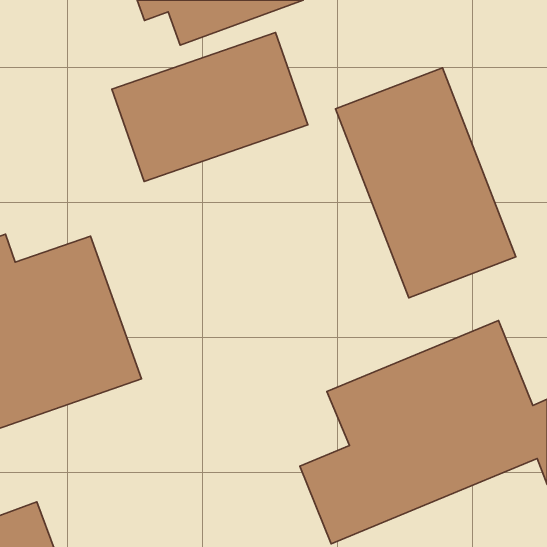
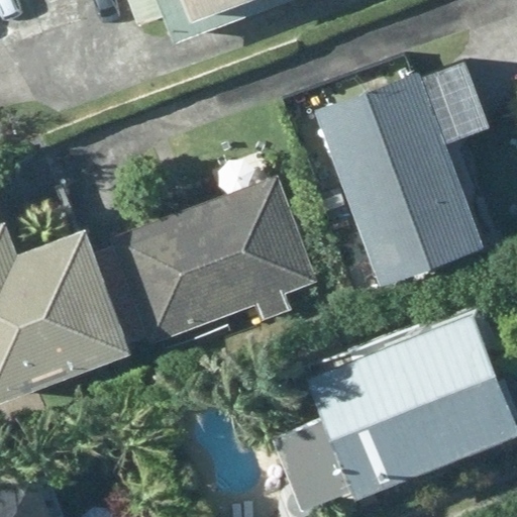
building: [112,32,308,181] -> none
building: none -> [114,183,313,345]

